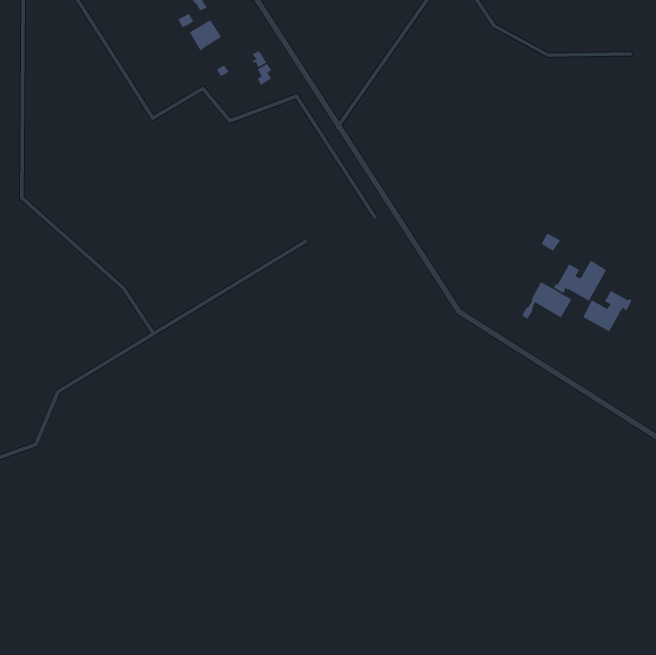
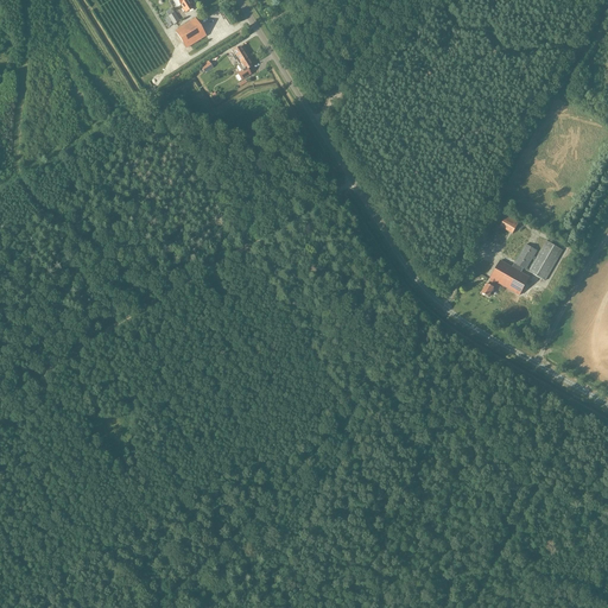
building: [582,290,632,332] -> none

